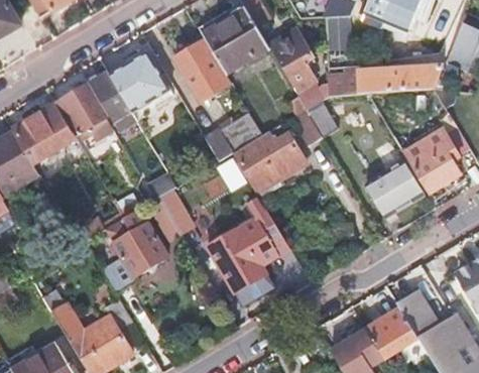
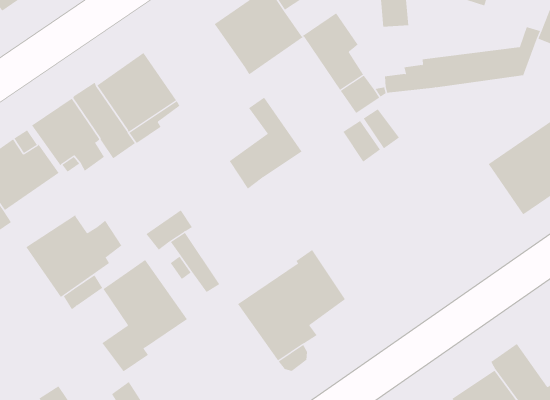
building: [174,40,231,101] -> none
building: [231,131,305,189] -> none
building: [369,155,424,214] -> none
building: none -> [26,214,122,298]

